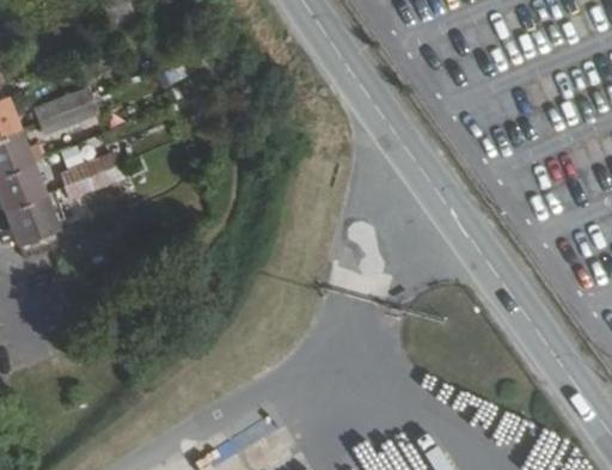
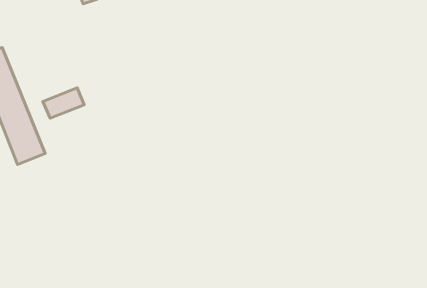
building: [38,90,96,132] -> none

